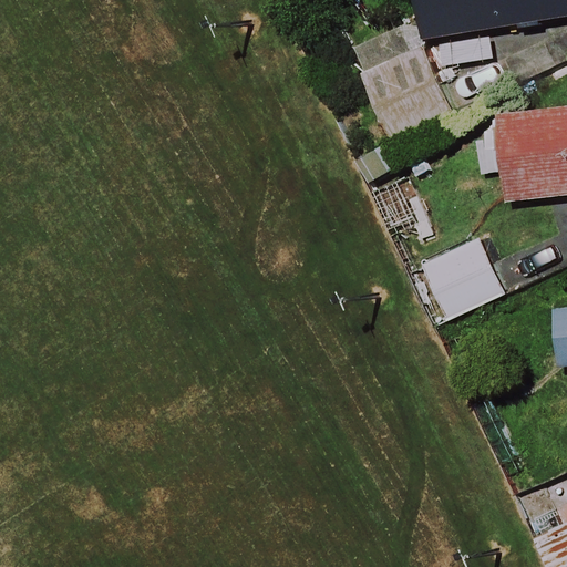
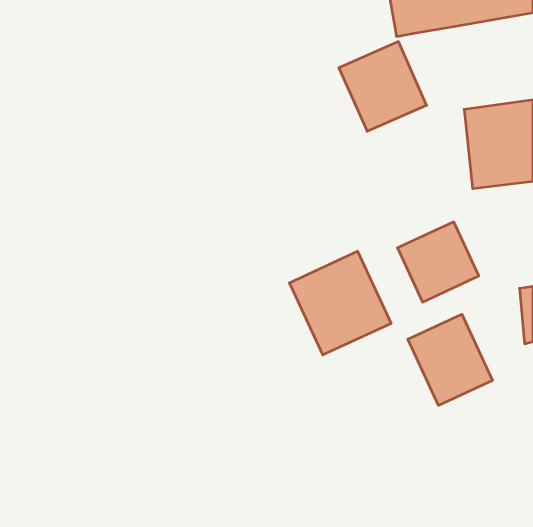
building: none -> [289,251,391,355]
building: none -> [408,314,492,405]

